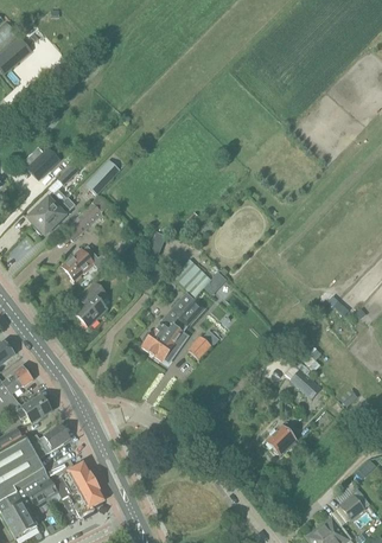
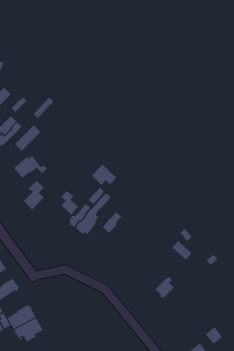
building: none -> [61,190,79,216]

